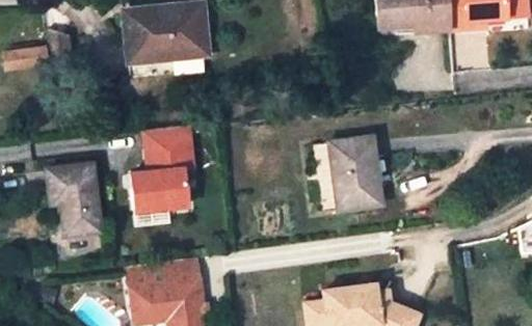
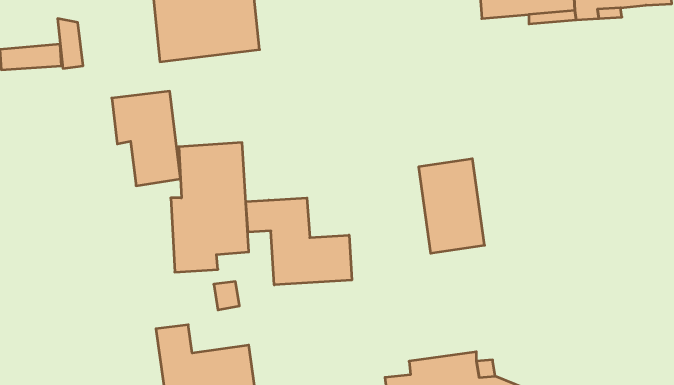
building: [46,164,99,237] -> [112,91,180,186]
building: none -> [246,198,352,285]
building: [151,259,197,287] -> none

